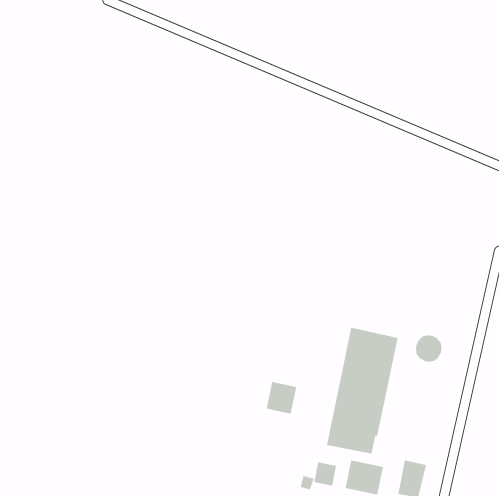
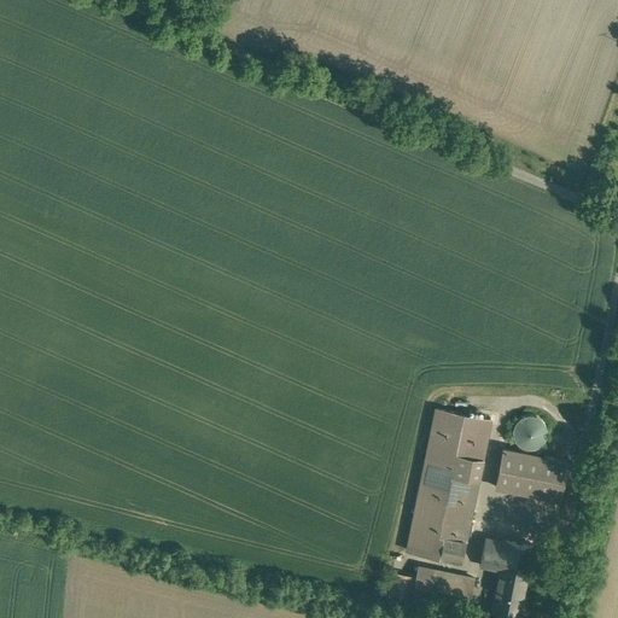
building: none -> [495,451,567,502]
building: [266,381,297,414] -> none
building: none -> [479,540,532,578]

